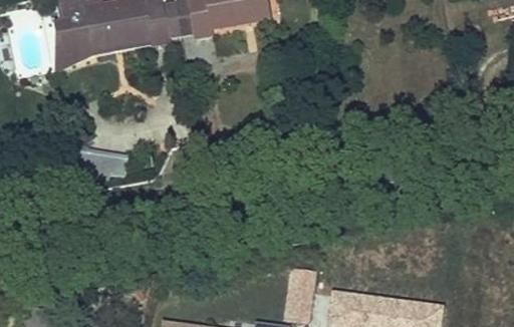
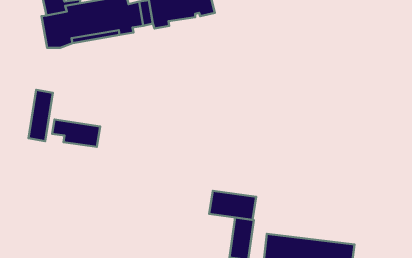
building: none -> [28,90,53,141]
building: none -> [209,191,256,220]

